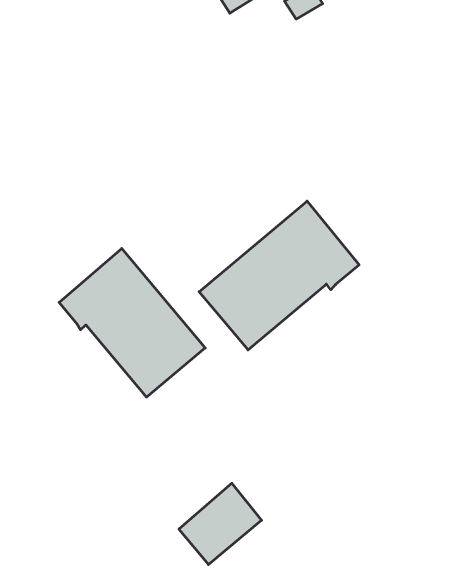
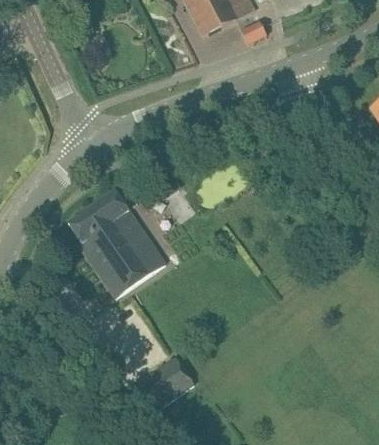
building: [199,201,359,350] -> none

